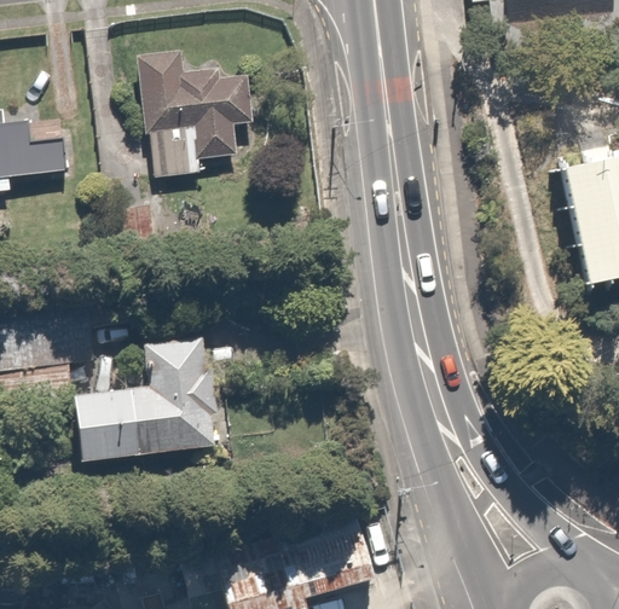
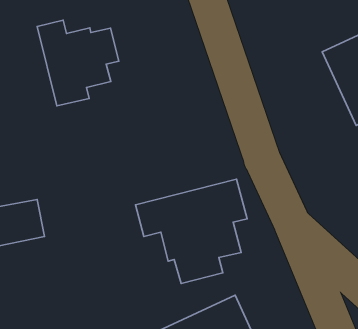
building: [85,327,231,452] -> none
building: none -> [136,179,247,283]

